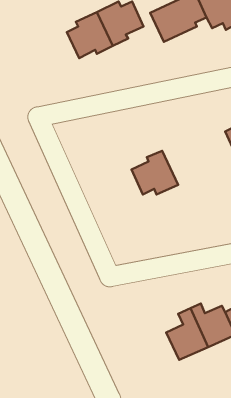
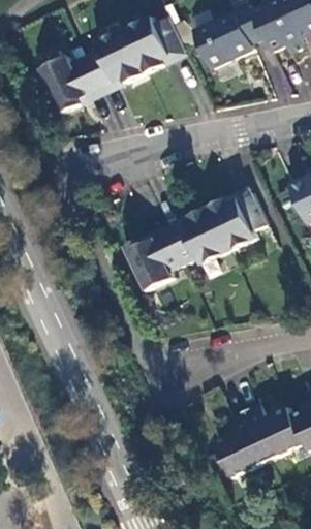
building: none -> [44,54,105,112]
building: none -> [212,189,271,249]
building: none -> [129,229,187,287]

